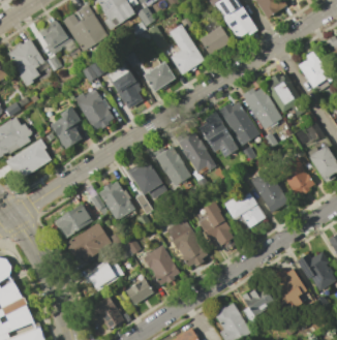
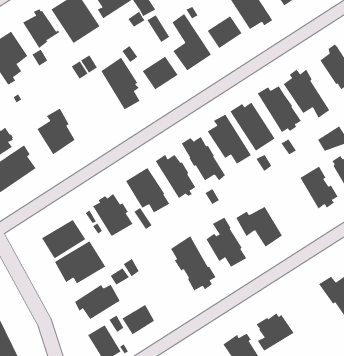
building: [73,89,113,131] -> none
building: [251,171,288,213] -> none
building: [144,245,180,284] -> none
building: [274,269,307,308] -> none

